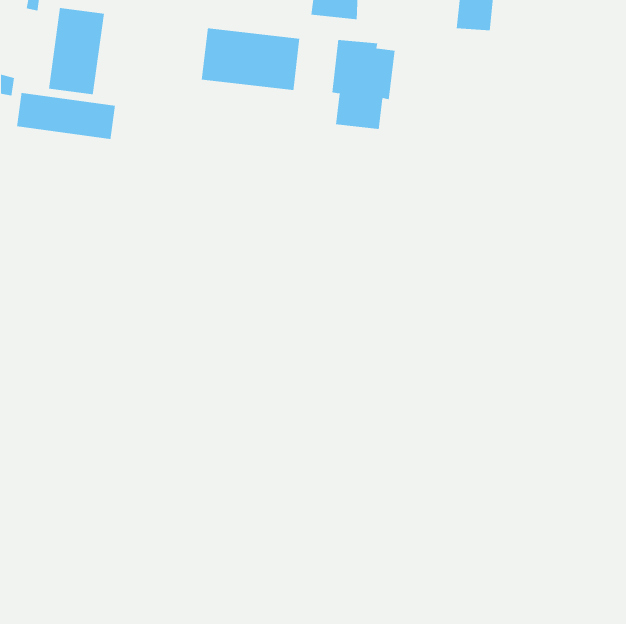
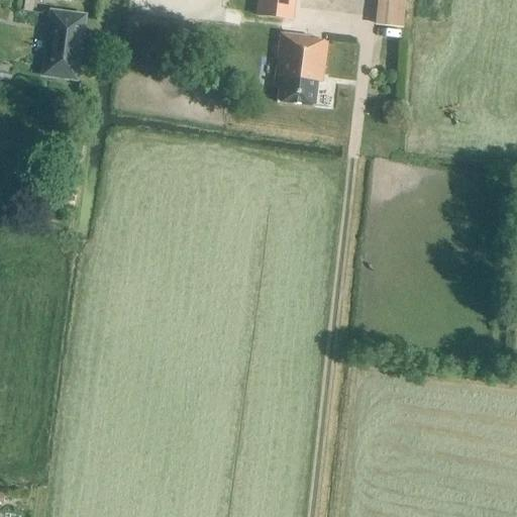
building: [201,27,300,91] -> none
building: [16,92,116,140] -> none

